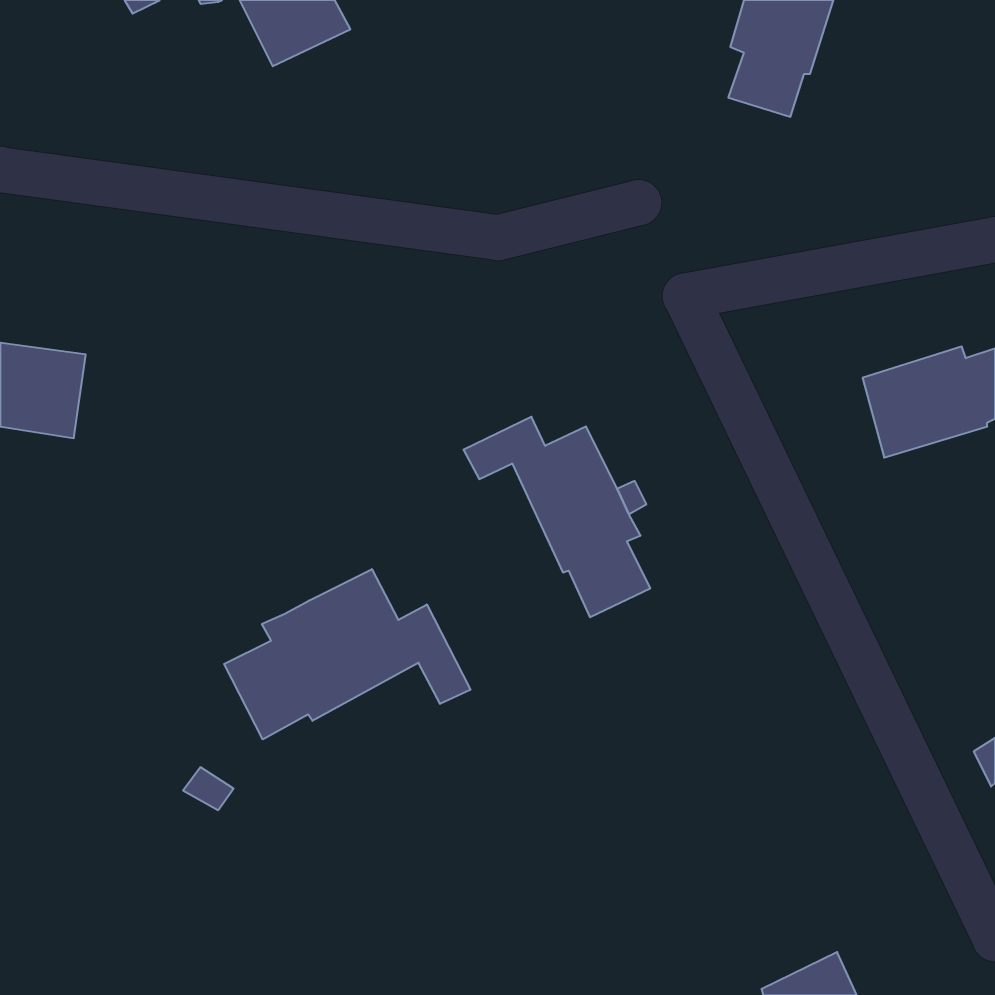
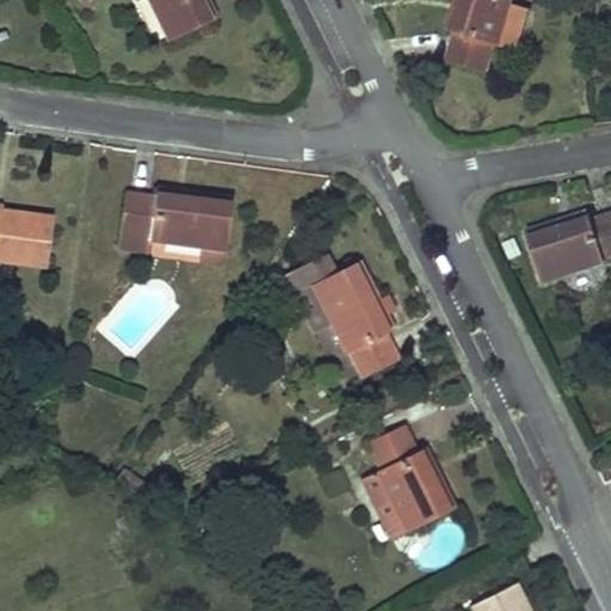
building: none -> [118,190,232,254]
building: [224,569,470,739] -> none
building: none -> [363,426,452,530]

